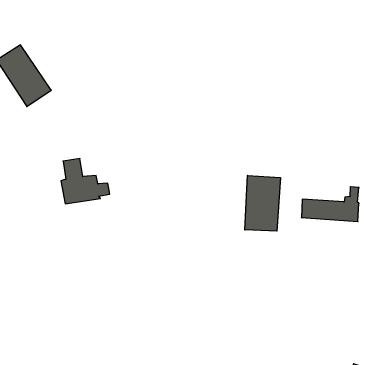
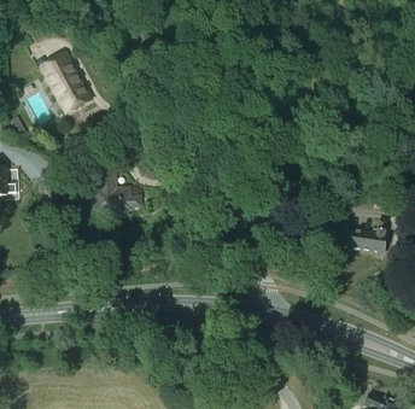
building: [245,175,280,231] -> none

